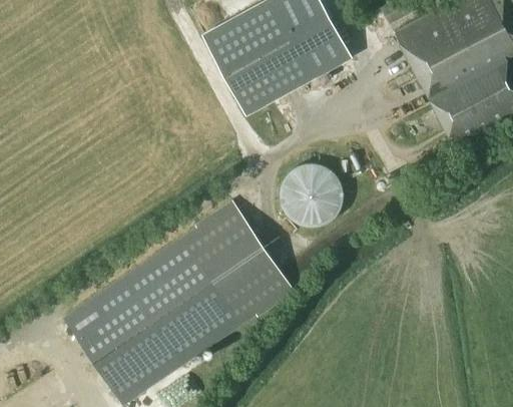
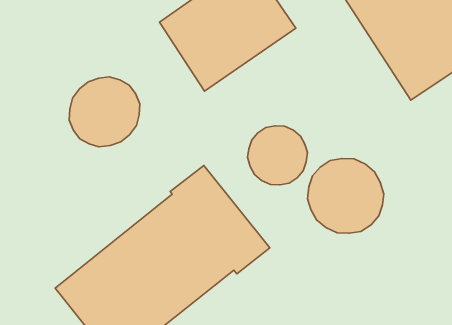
building: none -> [69,77,140,147]
building: none -> [307,158,384,233]

